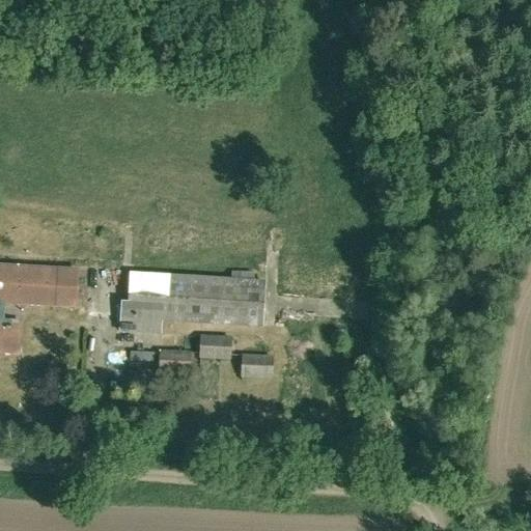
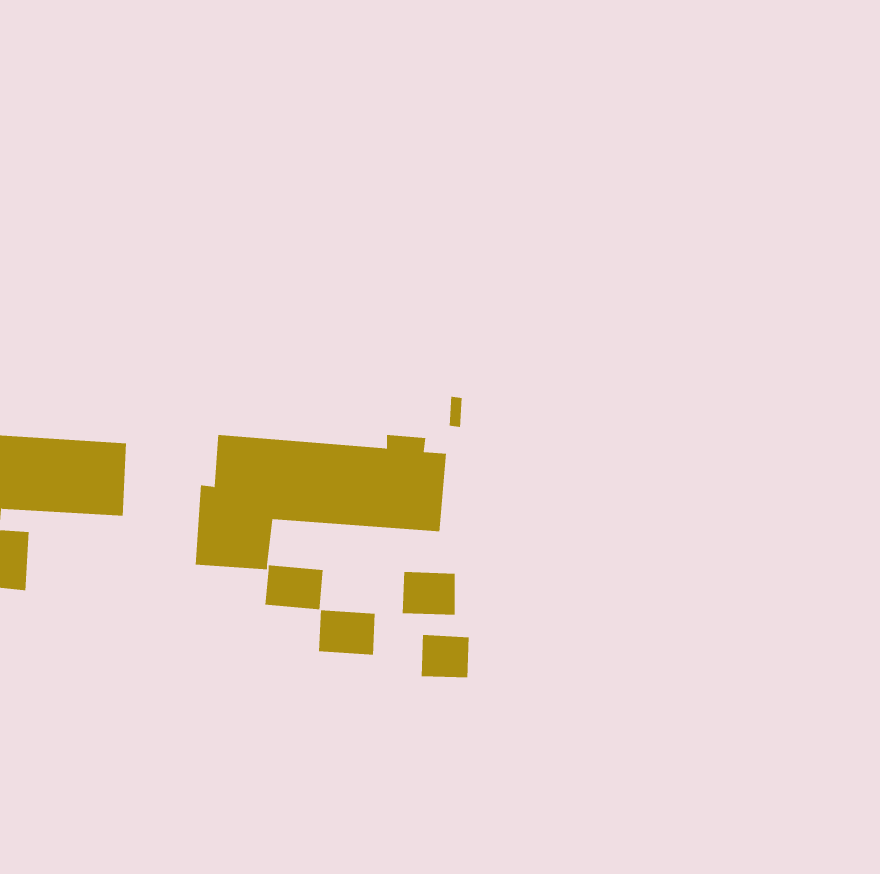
building: [198,331,232,358] -> [318,610,376,655]
building: none -> [421,634,469,678]

